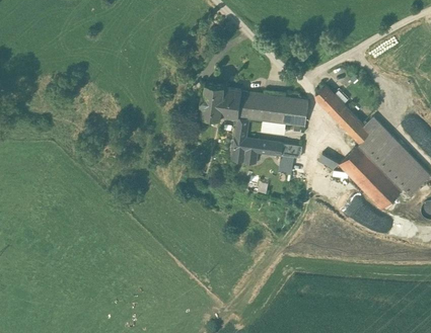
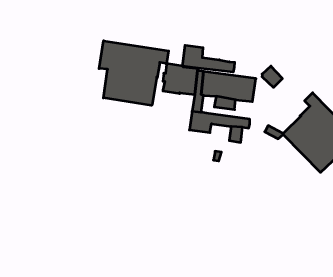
building: none -> [99,41,169,105]
building: none -> [183,45,235,72]
building: [328,100,369,143] -> none

